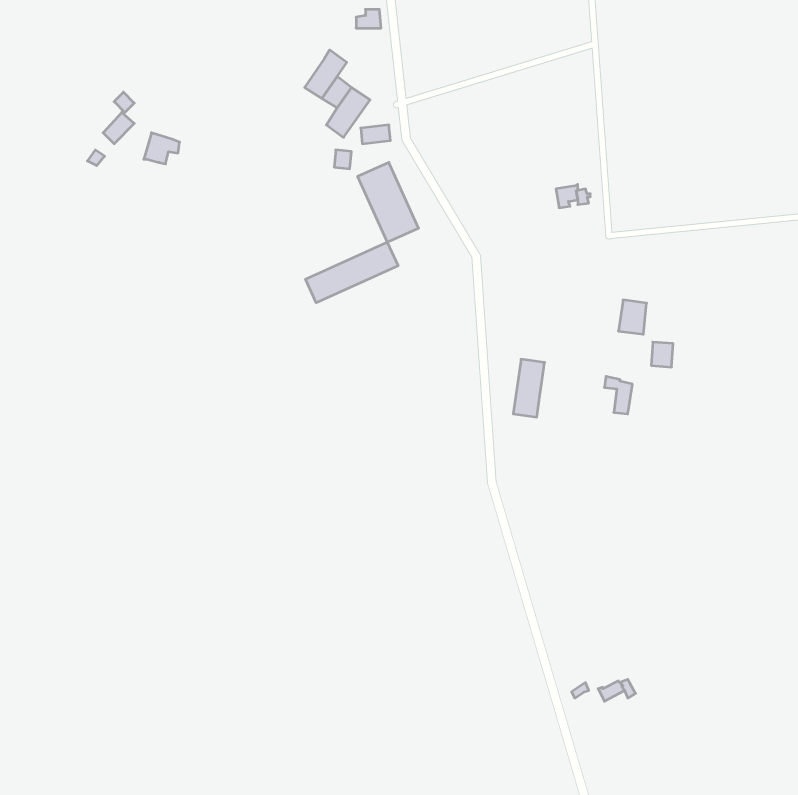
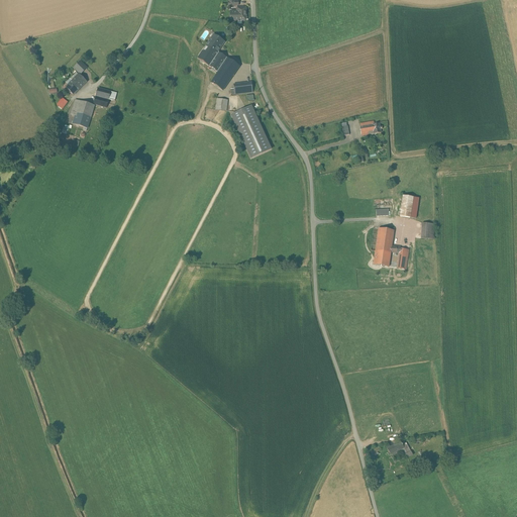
building: none -> [71,98,95,127]
building: [306,242,398,303] -> none
building: [513,359,545,417] -> [374,227,394,265]

